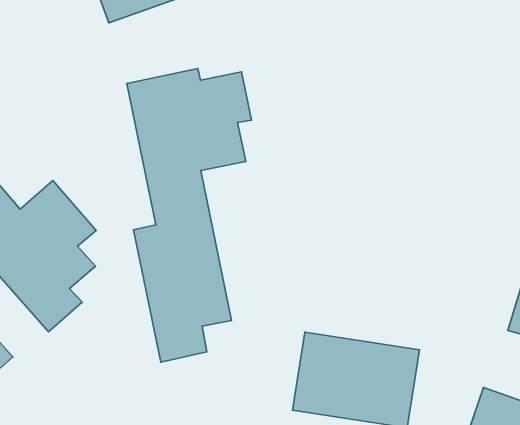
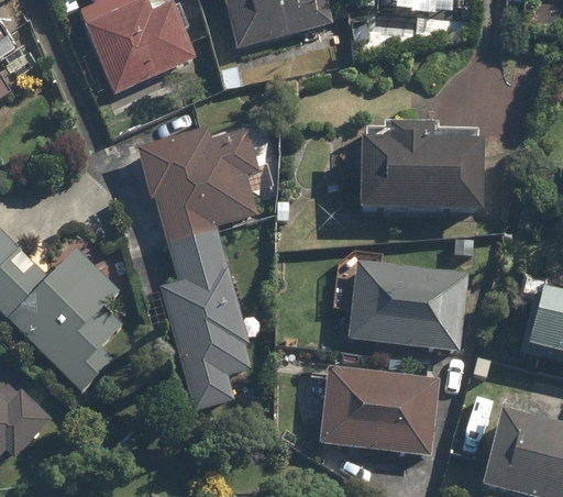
building: none -> [357,118,484,212]
building: none -> [344,264,465,346]

